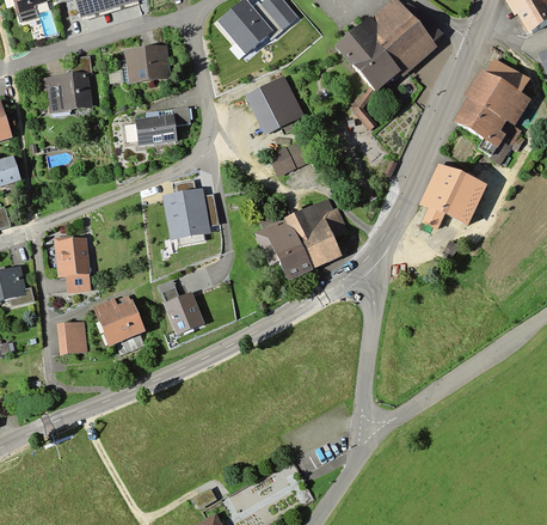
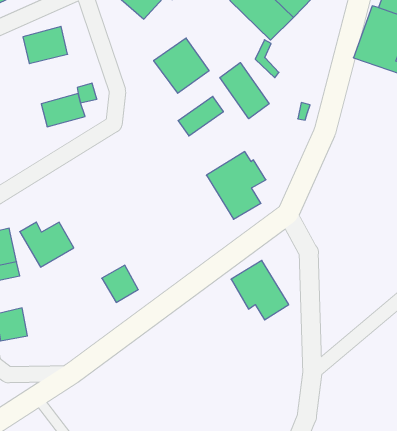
building: none -> [220,63,269,119]
building: [420,165,478,221] -> none
building: [167,187,211,233] -> none
building: [253,215,307,275] -> [231,260,289,320]
building: [92,299,143,344] -> [20,222,74,267]

